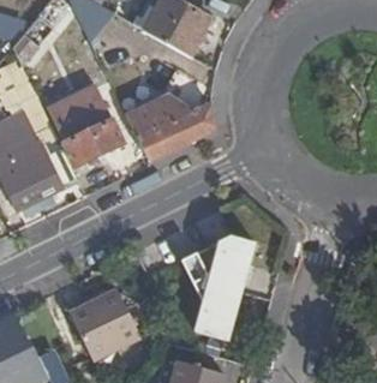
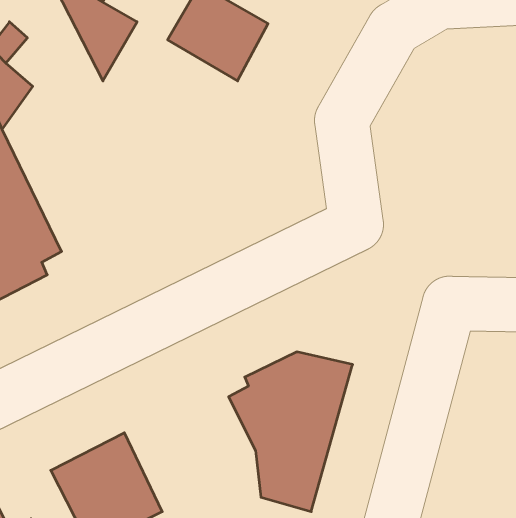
building: [126,94,213,162] -> none
building: [47,102,120,167] -> none

